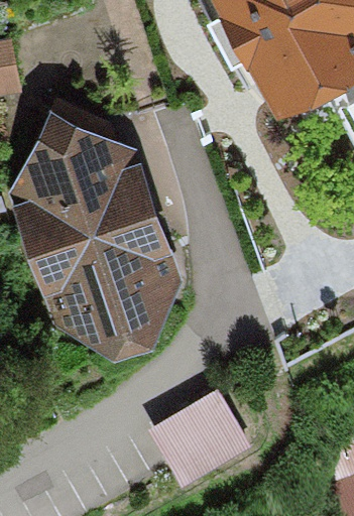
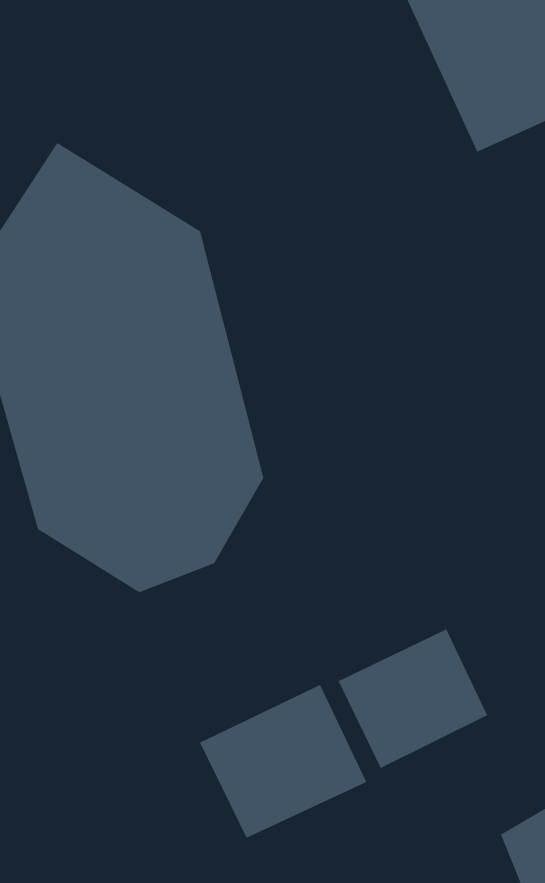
building: none -> [338,629,488,769]

